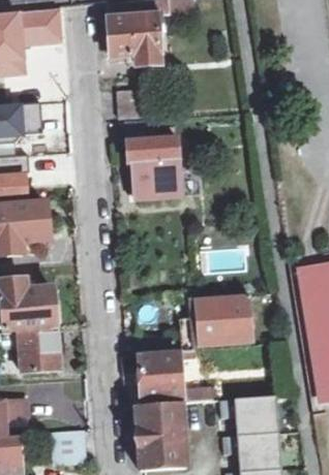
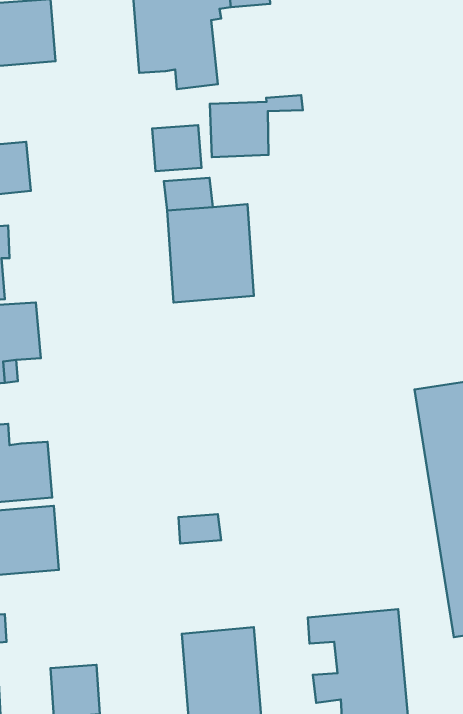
building: none -> [210,95,303,157]
building: [196,292,253,343] -> none
building: [139,351,213,403] -> none

